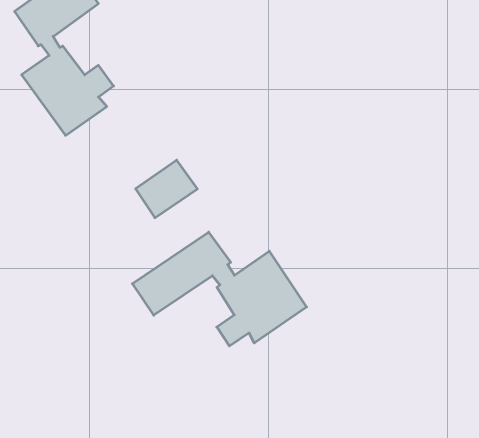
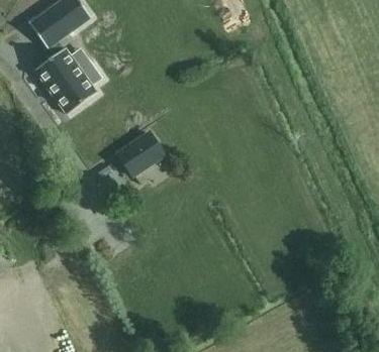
building: [132,232,307,346] -> none

